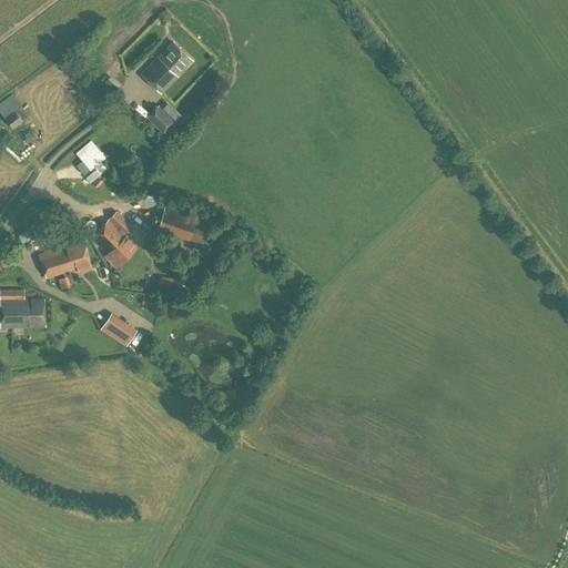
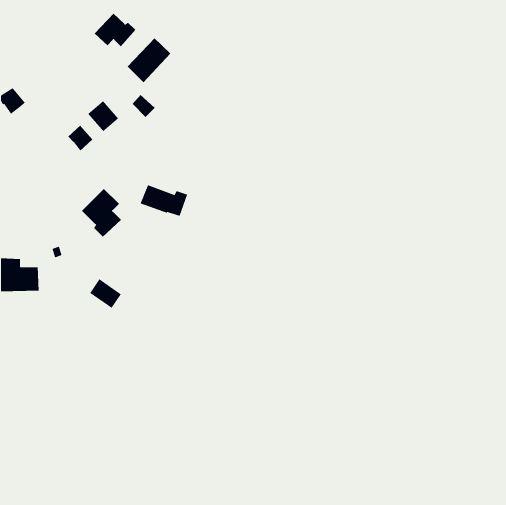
building: none -> [94,13,136,47]
building: none -> [87,100,119,132]
building: [38,240,91,280] -> none

